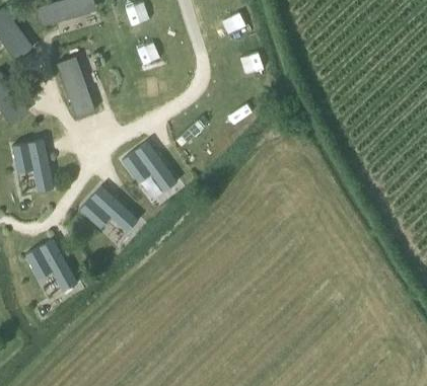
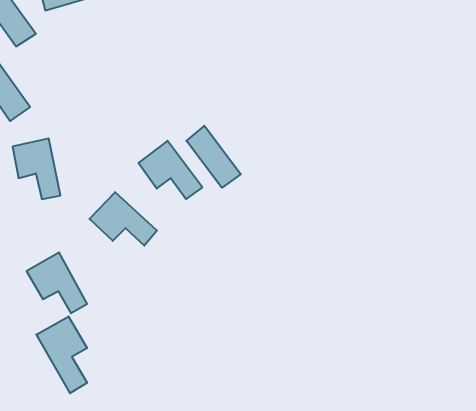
building: [56,57,94,118] -> none
building: none -> [186,126,241,188]
building: none -> [36,316,87,393]

